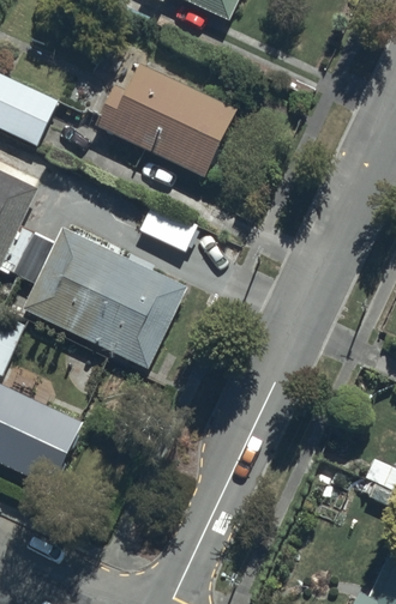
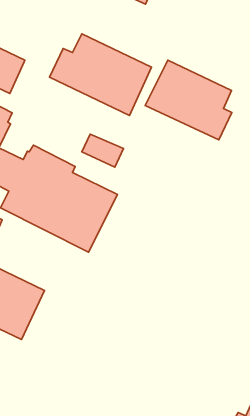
building: none -> [145,60,232,140]

